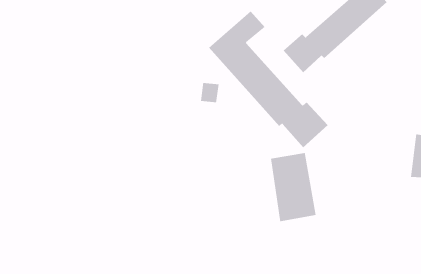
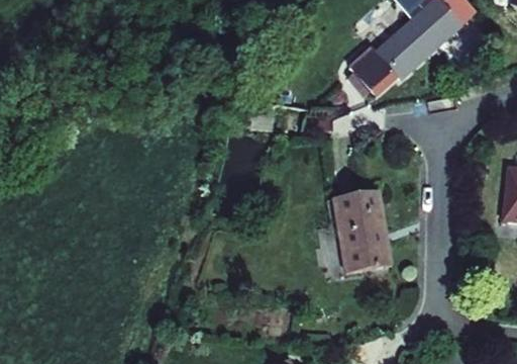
building: [208,10,328,148] -> none

